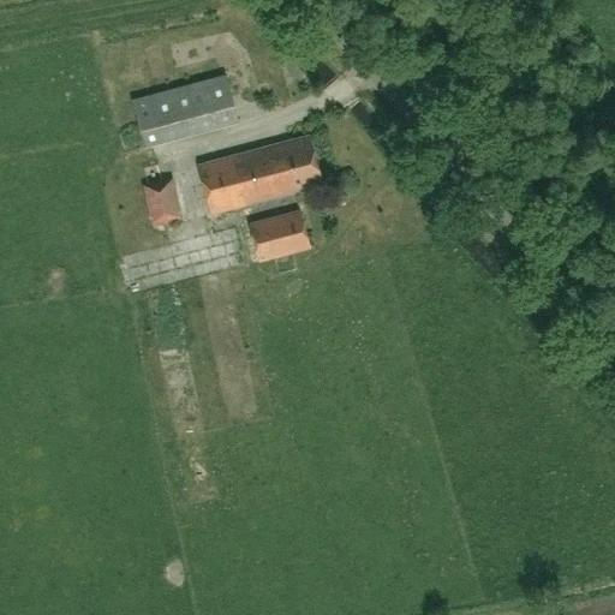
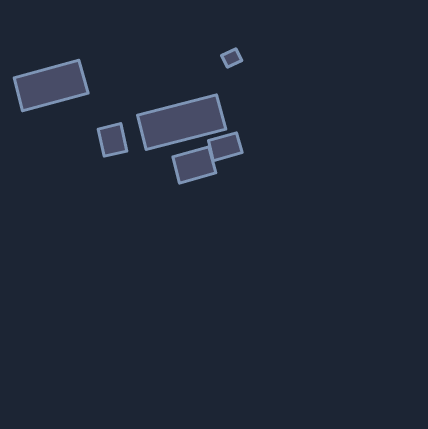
building: [132,74,238,147] -> [14,60,88,111]
building: none -> [208,133,242,161]

